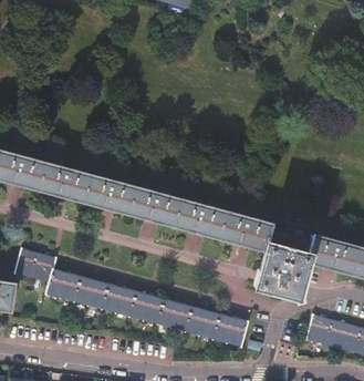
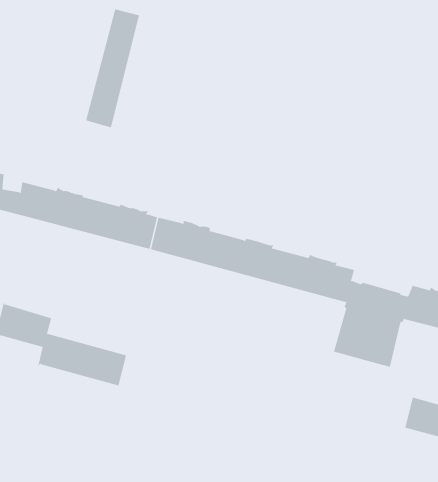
building: none -> [85,8,139,128]
building: [104,286,248,344] -> none

